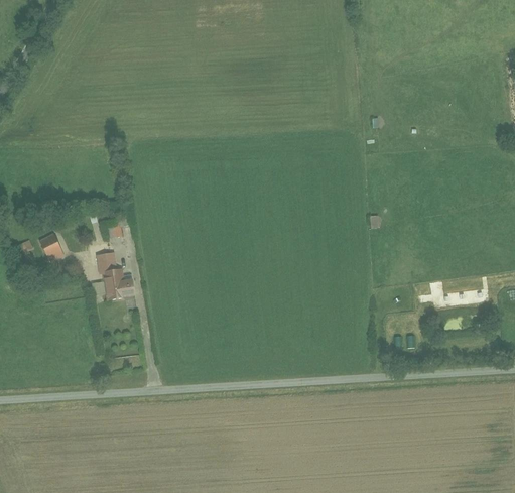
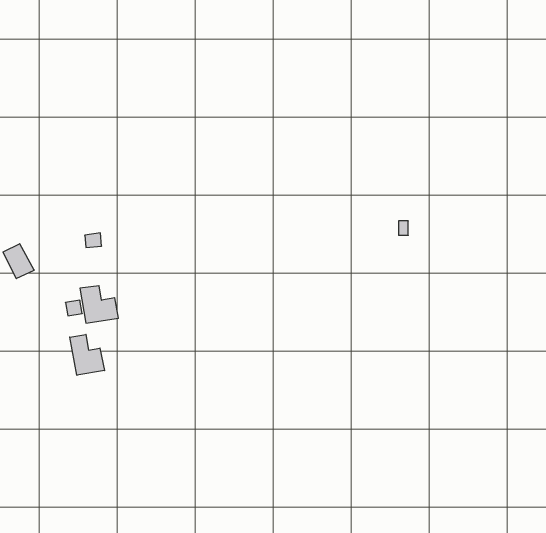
building: none -> [70,334,105,375]

